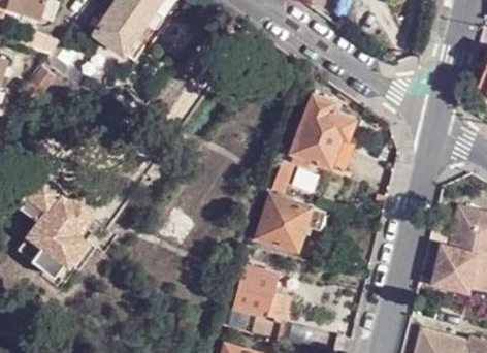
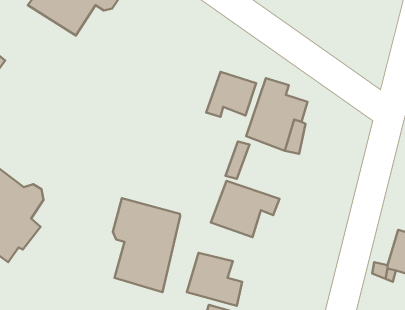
building: none -> [206,72,256,117]
building: none -> [113,198,180,292]

